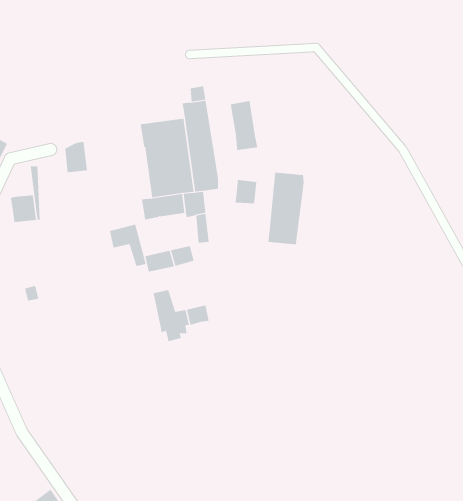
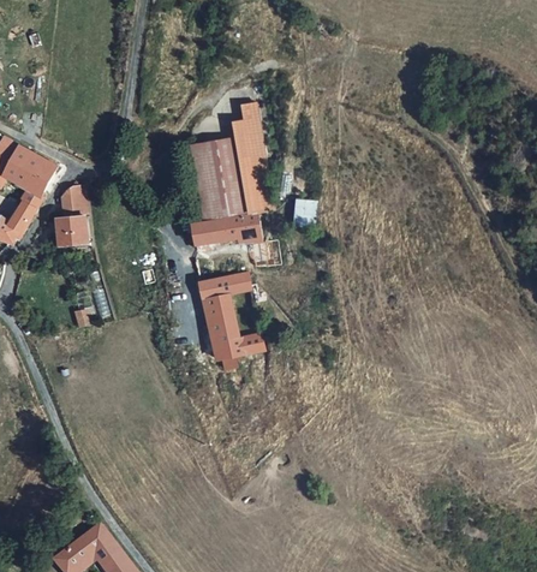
building: [230,100,258,151] -> none
building: [65,141,88,173] -> [58,187,82,220]
building: [268,172,304,245] -> none
building: [109,224,146,267] -> [202,294,240,339]

